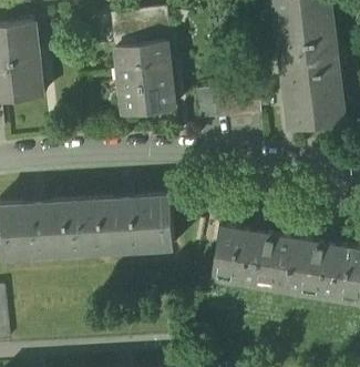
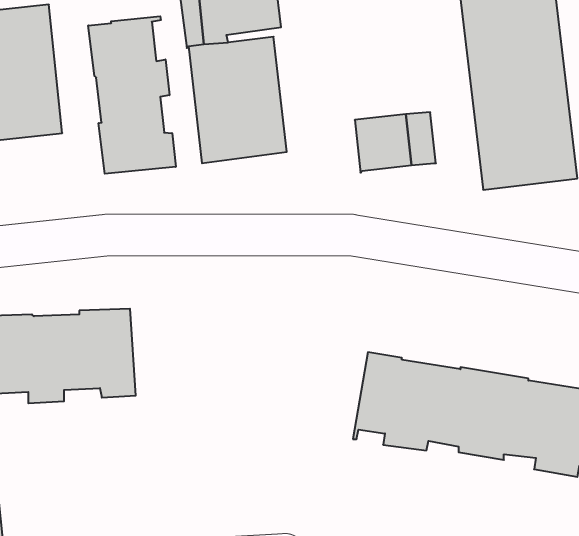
building: none -> [88,16,176,174]
building: [83,196,175,253] -> none

